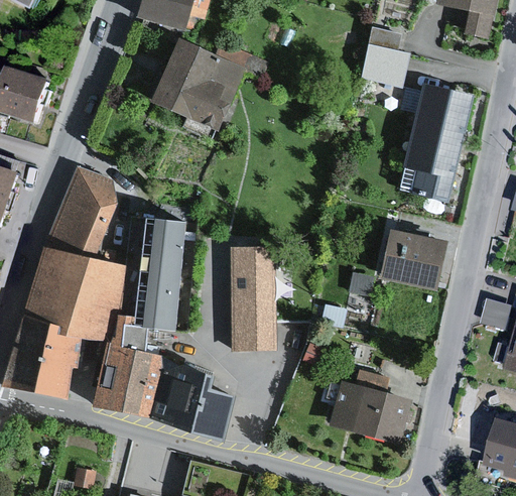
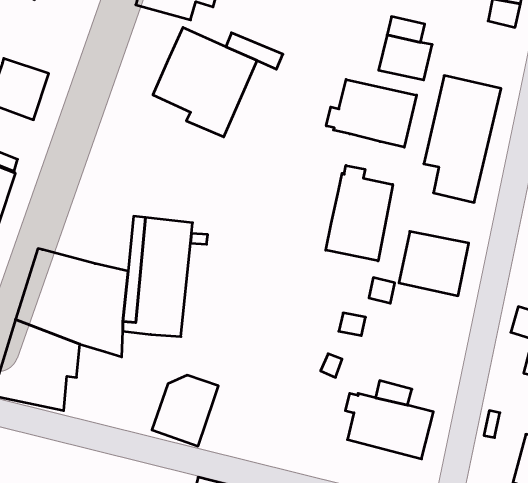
building: none -> [326,79,417,147]
building: [43,165,116,259] -> none
building: none -> [326,165,393,261]
building: [229,245,277,350] -> none
building: [89,323,161,415] -> none
building: [189,386,234,441] -> none

